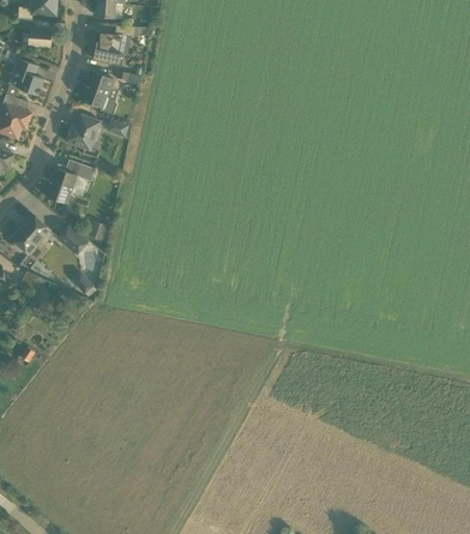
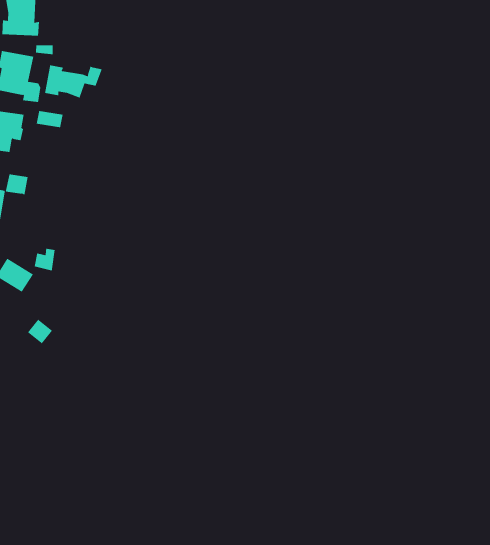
building: none -> [45,65,102,98]

